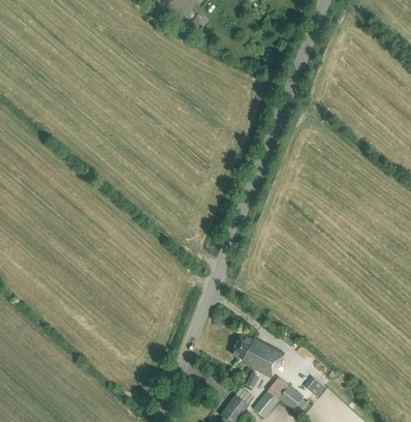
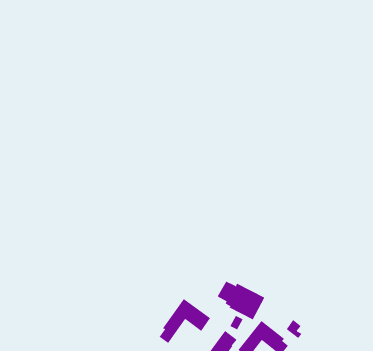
building: none -> [159,298,211,344]

